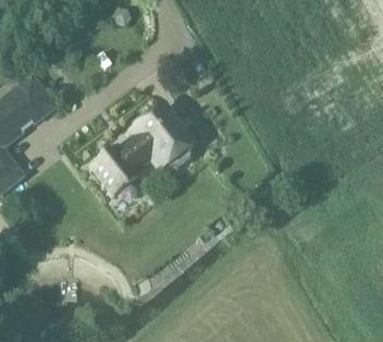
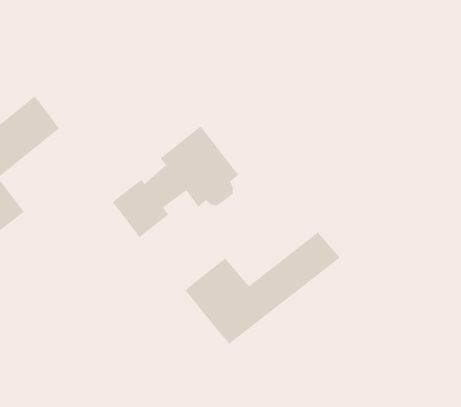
building: none -> [185,231,341,344]

